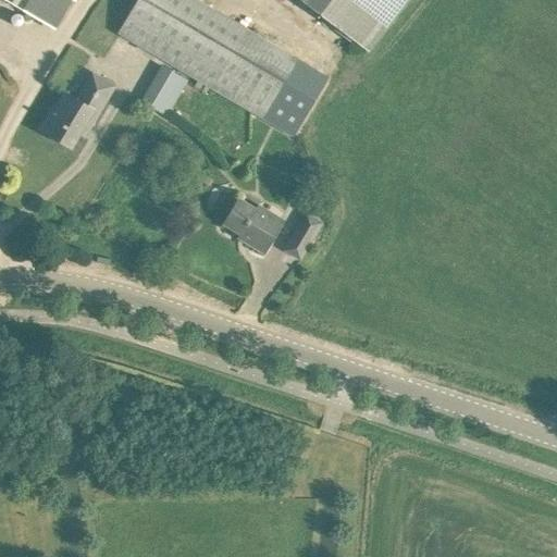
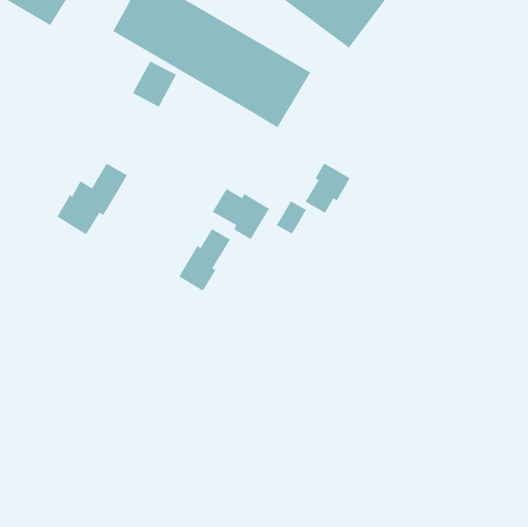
building: [39,72,114,148] -> [56,163,128,235]
building: none -> [305,163,350,213]
building: none -> [178,228,231,291]

